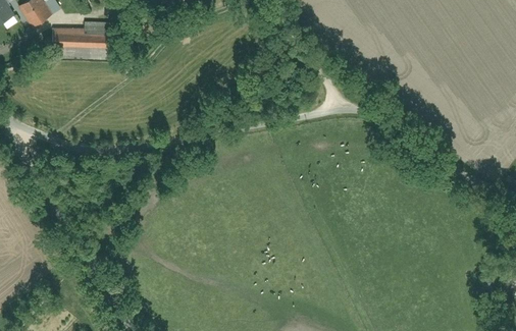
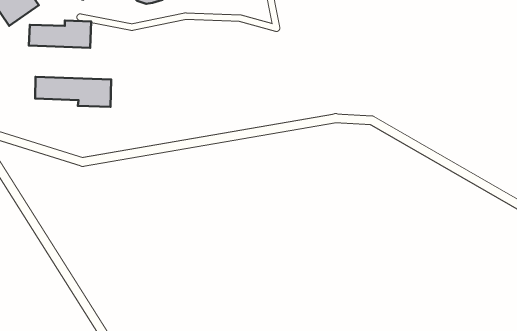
building: none -> [35,77,111,107]

